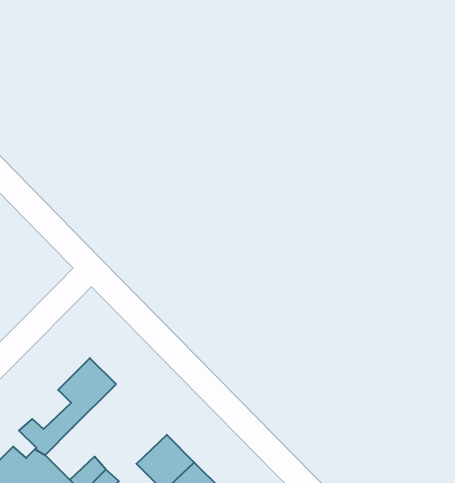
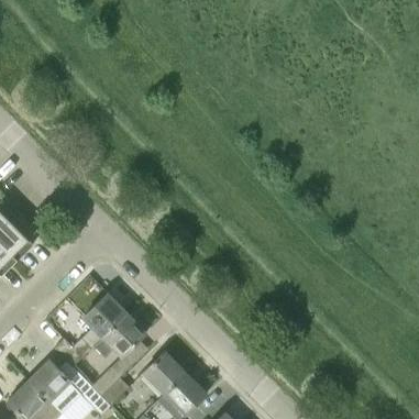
building: none -> [93,313,145,359]

